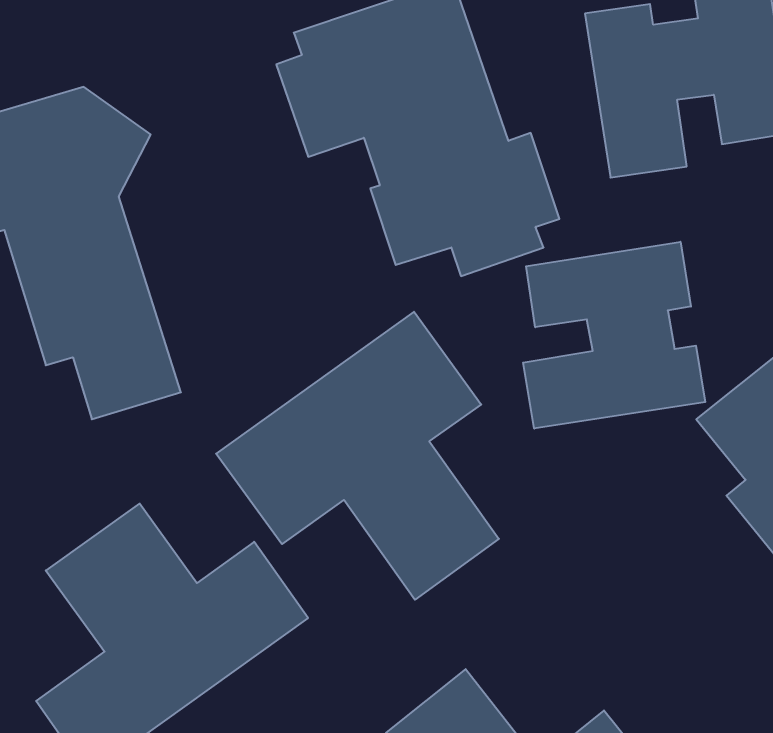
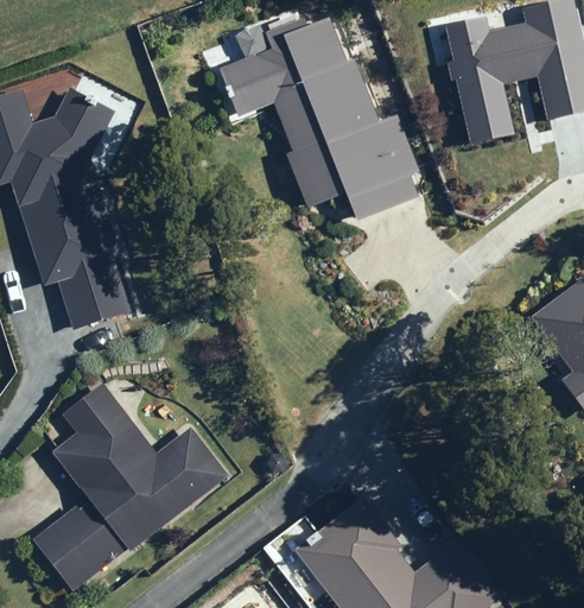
building: [523,242,705,429] -> none
building: [216,312,499,600] -> none

